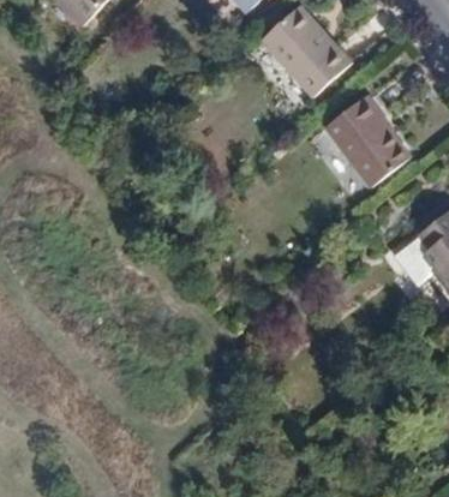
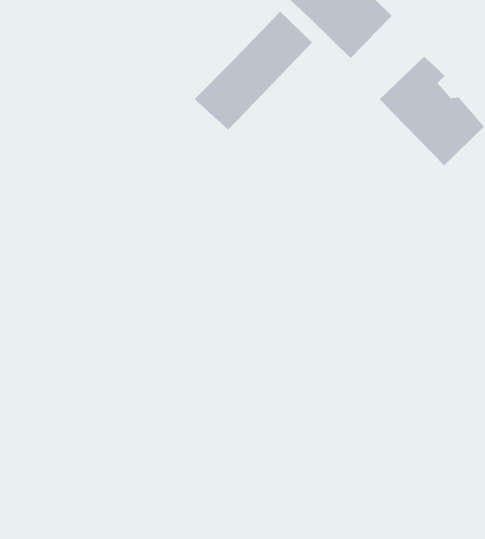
building: none -> [194,11,313,131]

